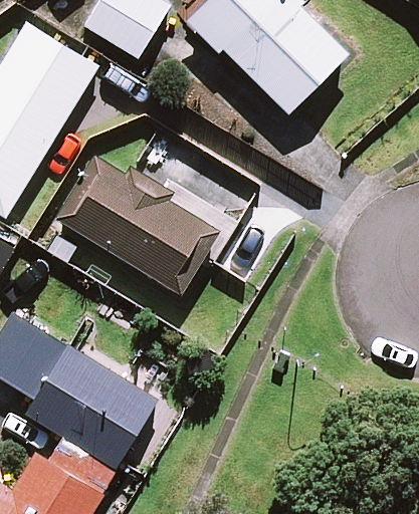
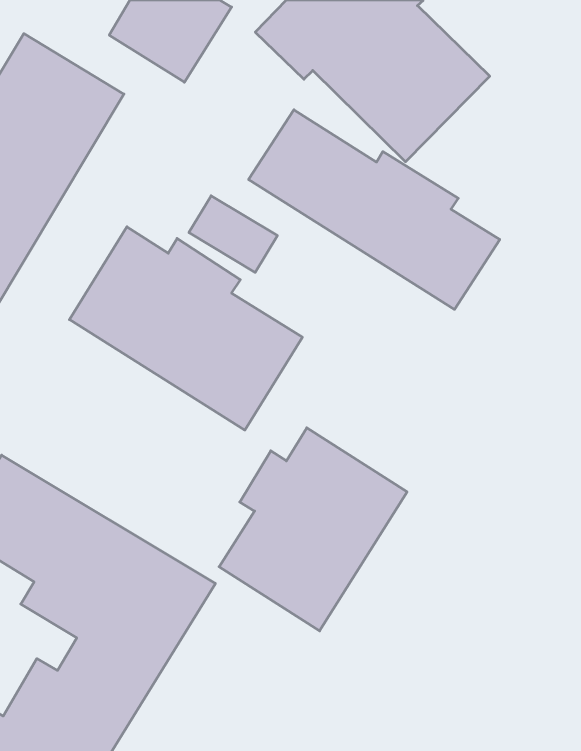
building: none -> [249,110,500,309]
building: none -> [219,428,407,631]

